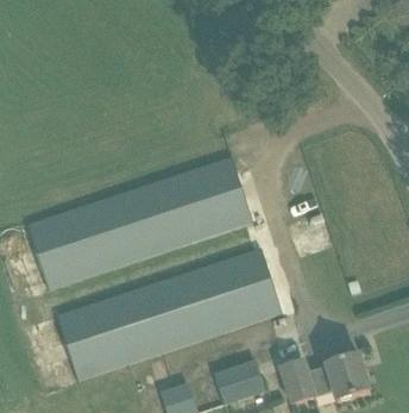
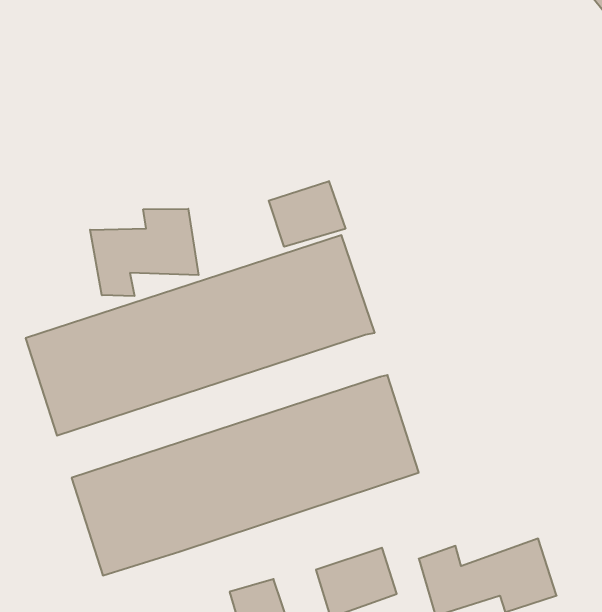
building: none -> [269,181,345,247]
building: none -> [90,209,199,296]

